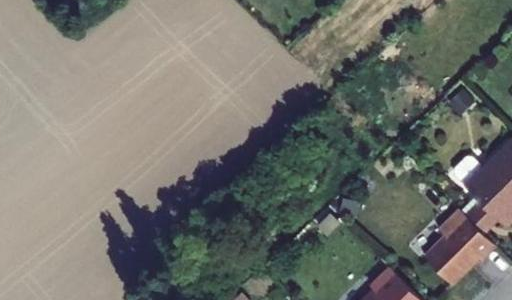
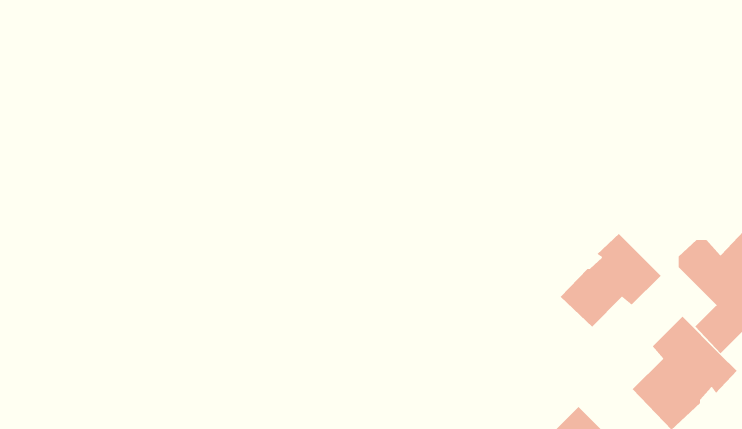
building: none -> [560,233,661,327]

